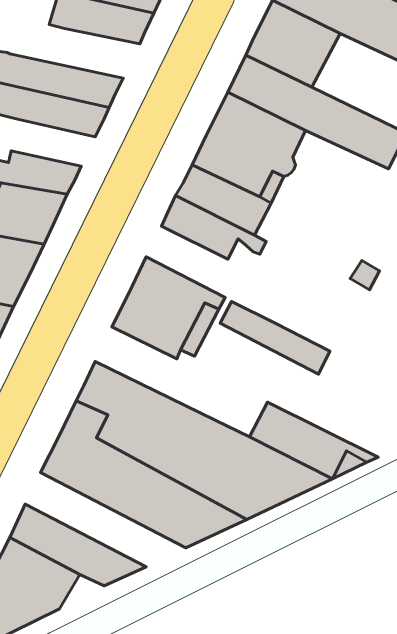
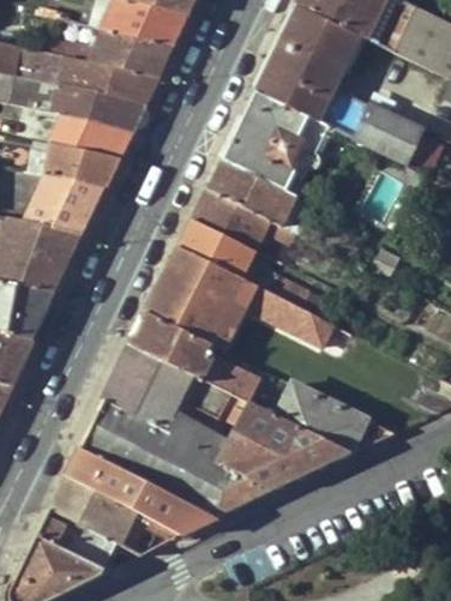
building: none -> [52,30,174,77]
building: none -> [53,115,132,160]
building: none -> [180,216,311,307]
building: none -> [132,311,254,398]
building: none -> [66,447,217,536]

